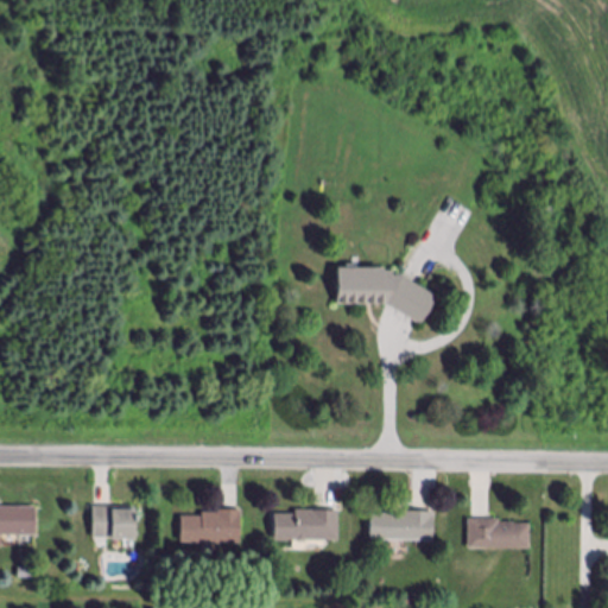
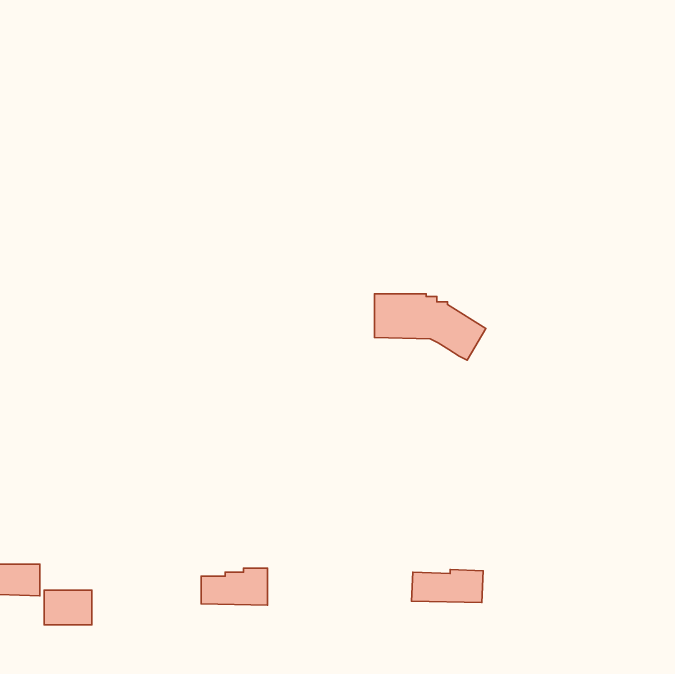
building: [93,506,135,537] -> [44,590,92,625]
building: [273,511,337,540] -> none
building: [467,518,530,547] -> none

